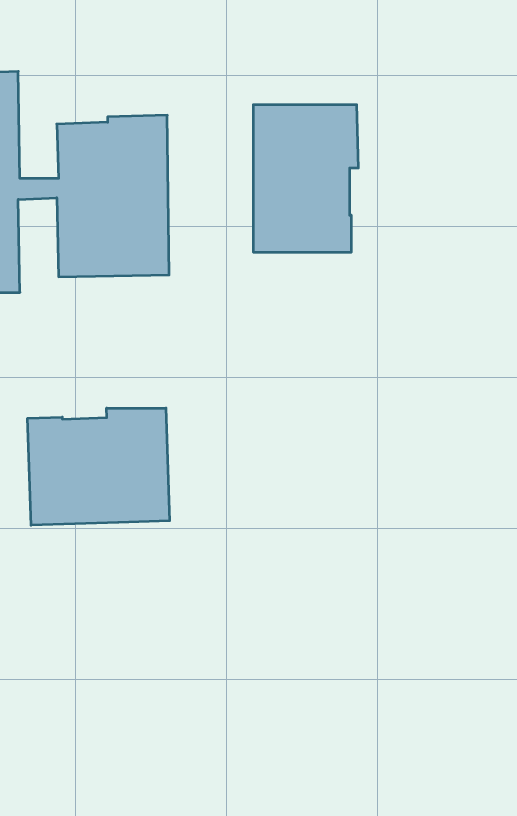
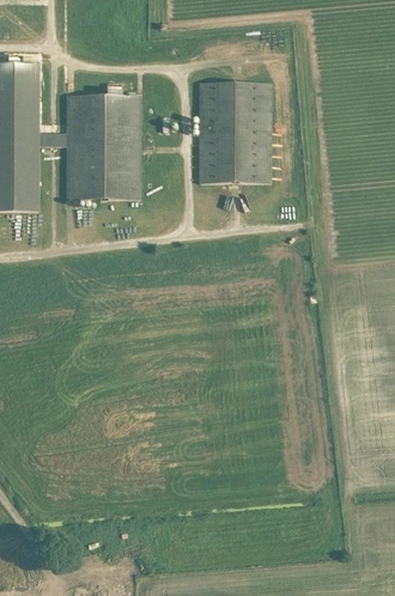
building: [28,408,170,525] -> none

